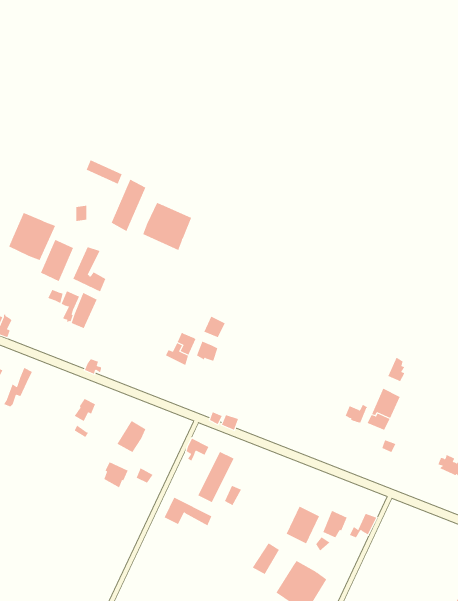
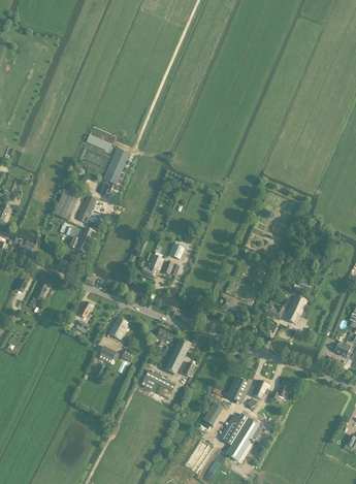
building: [142,202,192,251] -> none
building: [9,212,56,261] -> none

